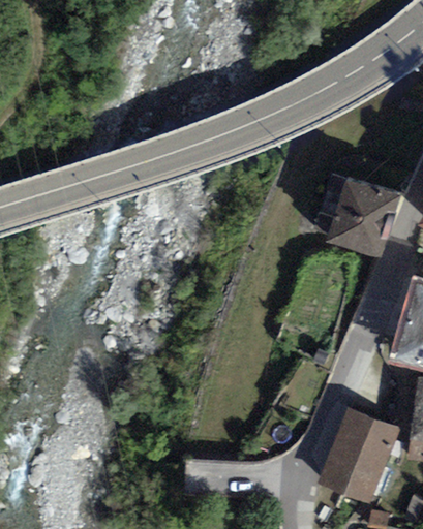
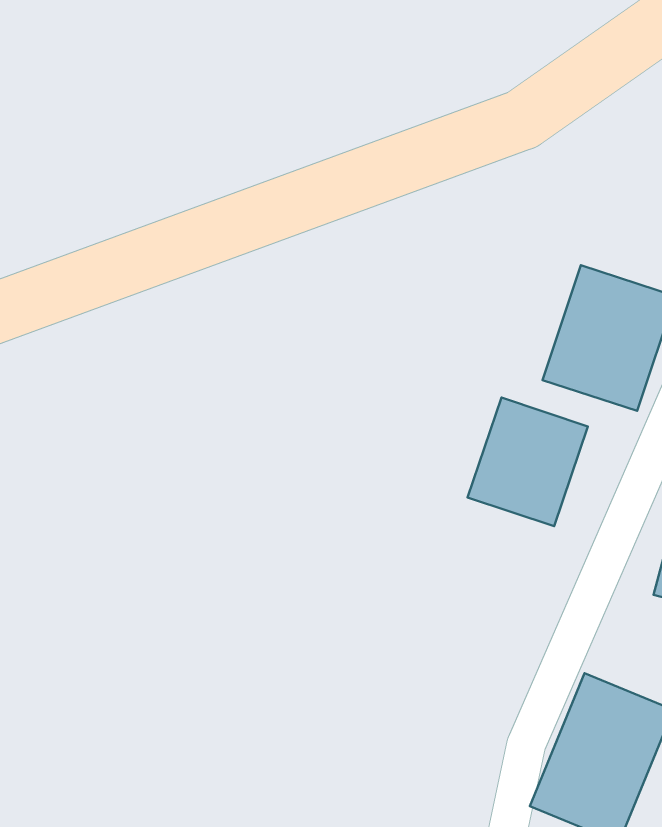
building: none -> [468,398,588,526]

